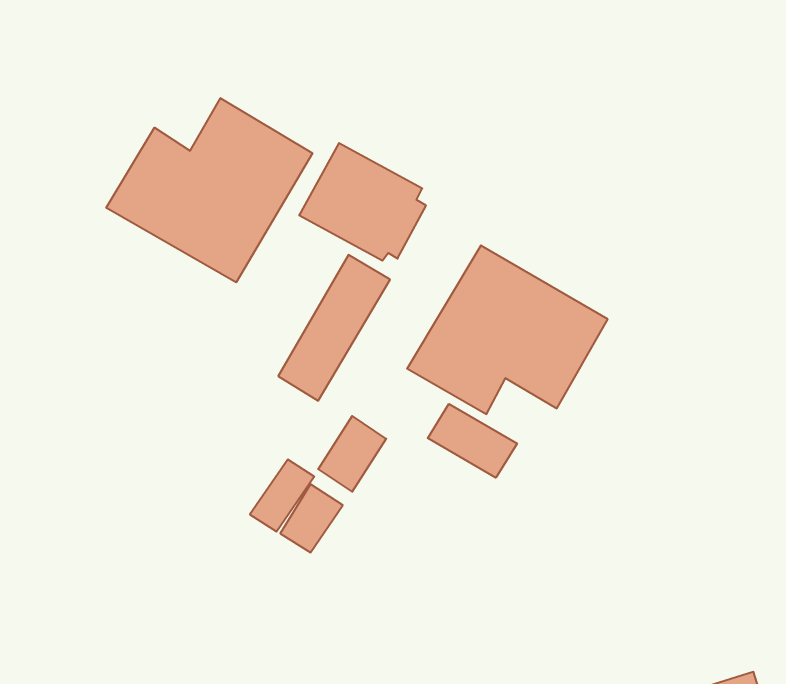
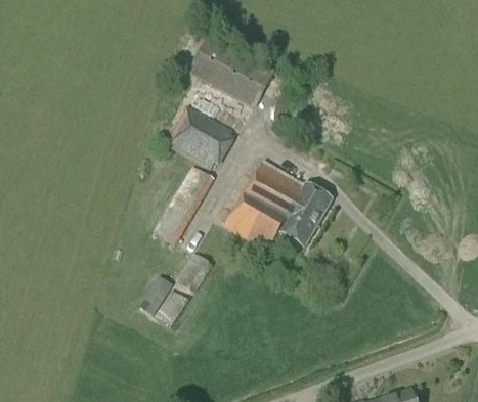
building: none -> [187,33,275,106]
building: [106,98,312,282] -> none
building: [428,404,517,478] -> none

